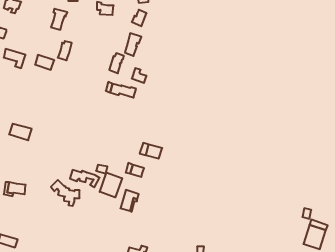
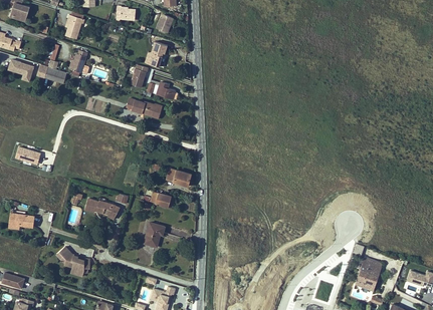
building: [100,173,122,197] -> none
building: [51,180,80,206] -> [56,248,89,278]

